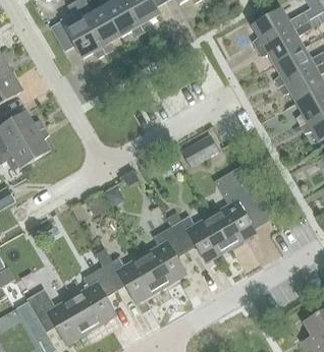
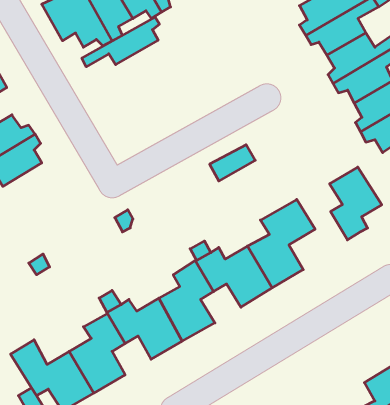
building: none -> [82,17,159,67]
building: none -> [330,167,382,240]

